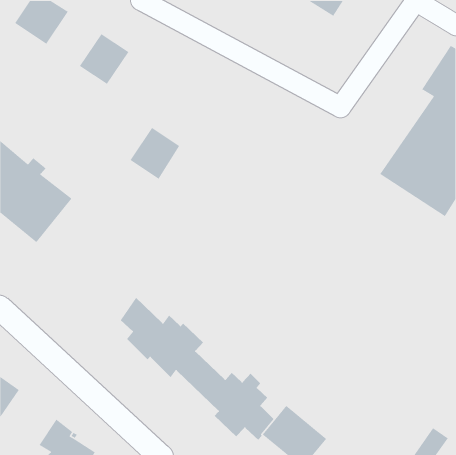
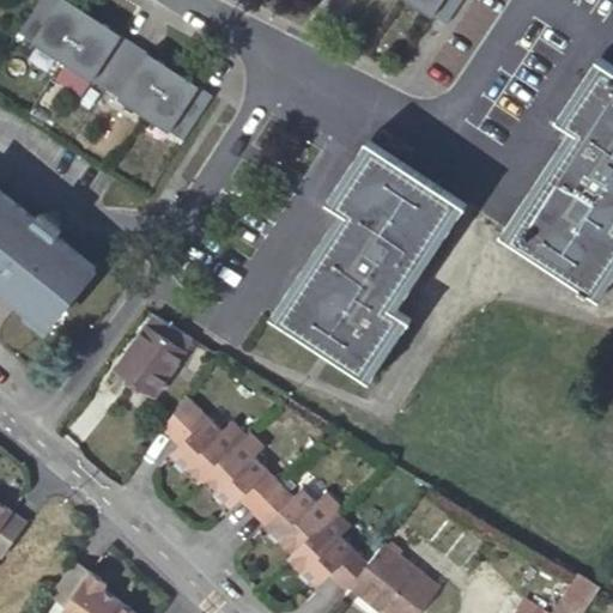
building: none -> [62,18,135,91]
building: none -> [278,146,460,377]
building: [129,127,180,180] -> [144,72,212,142]
building: none -> [116,311,192,396]

